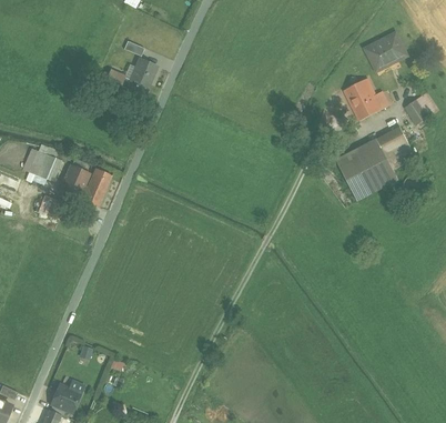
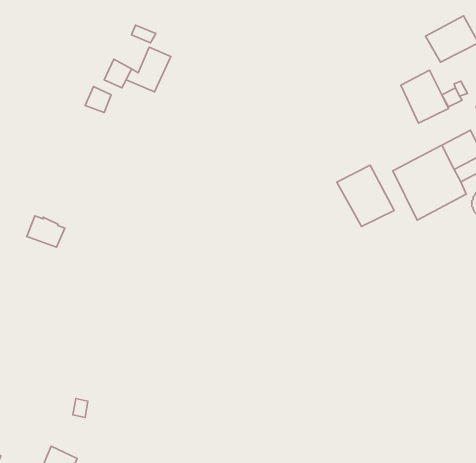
building: [29,150,60,180] -> none
building: none -> [337,165,394,226]
building: [59,164,111,207] -> none

